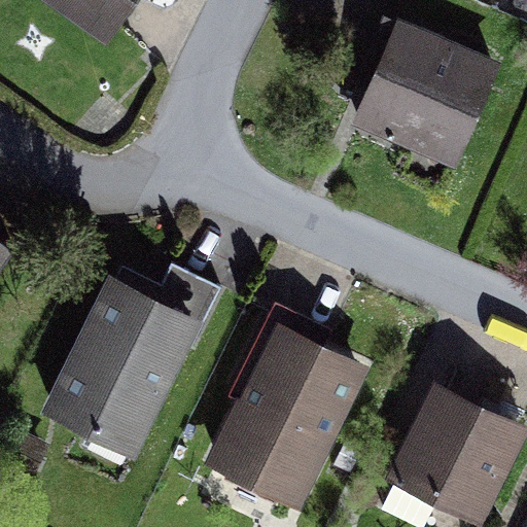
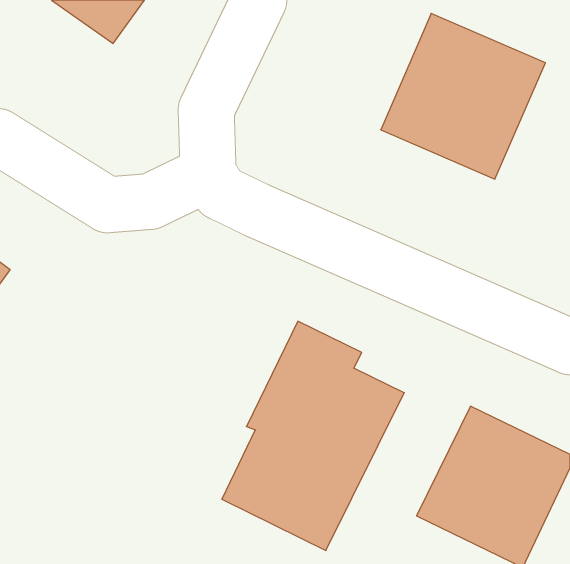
building: [39,267,221,459] -> none

